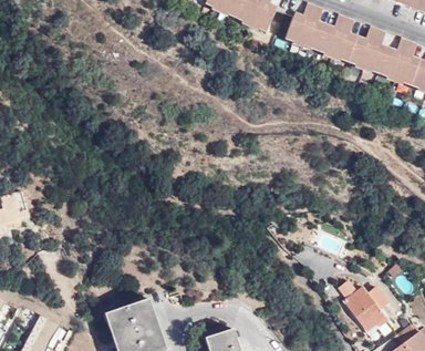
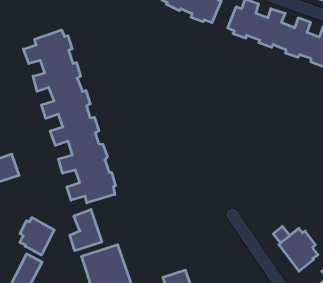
building: none -> [23,30,116,203]
building: none -> [70,209,102,251]
building: none -> [20,218,54,255]

